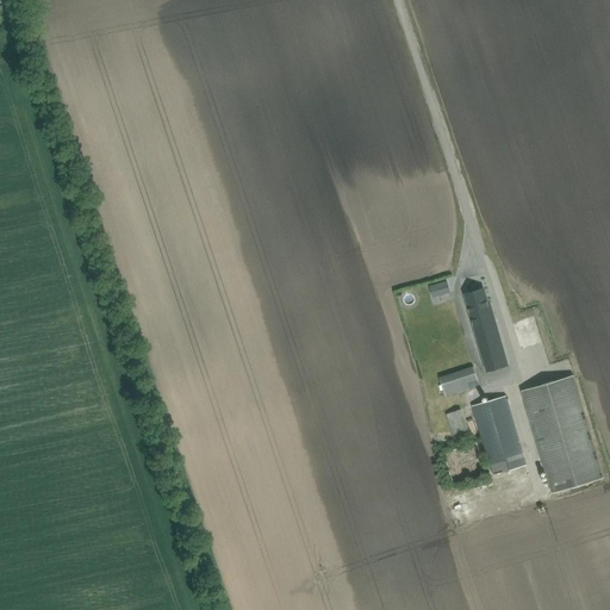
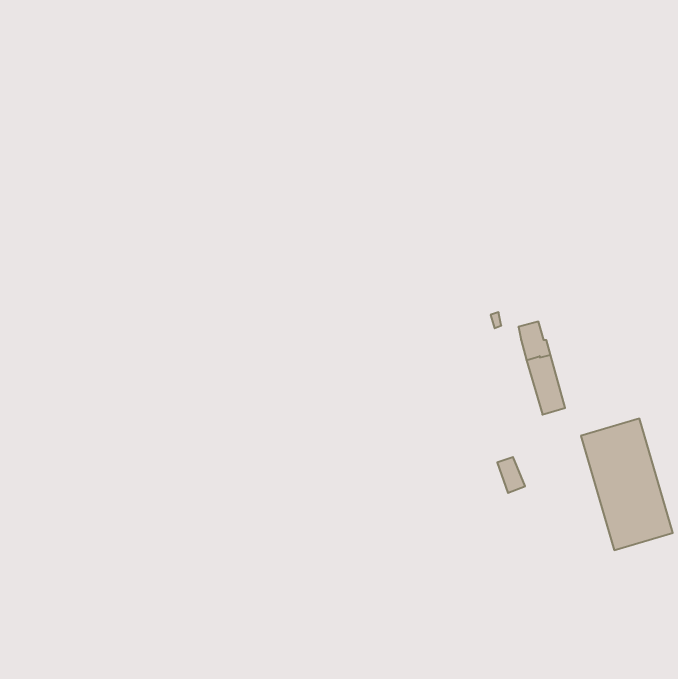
building: [438,366,479,397] -> none
building: [471,396,527,475] -> none

